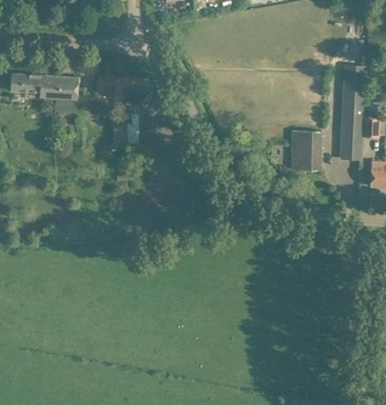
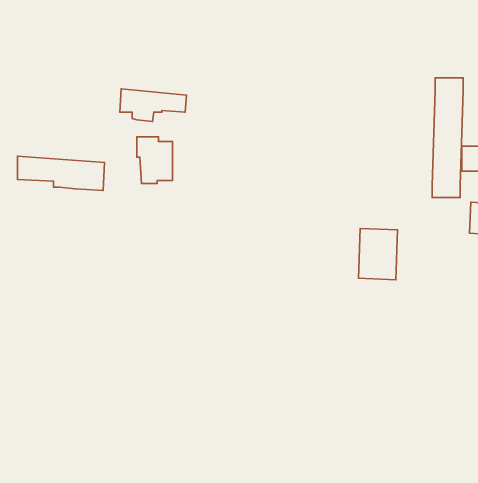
building: [11,73,79,99] -> [18,156,105,190]
building: [291,130,322,170] -> [359,228,398,280]

